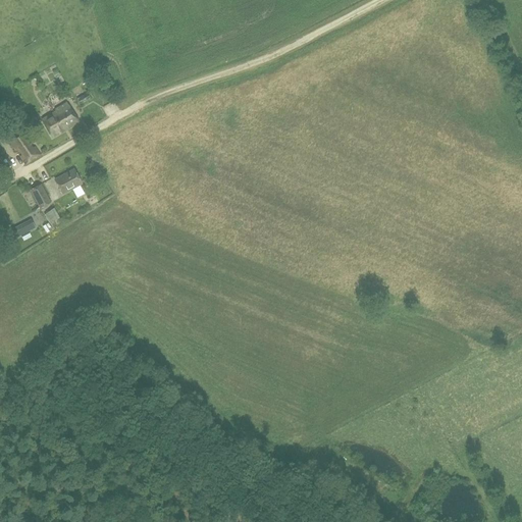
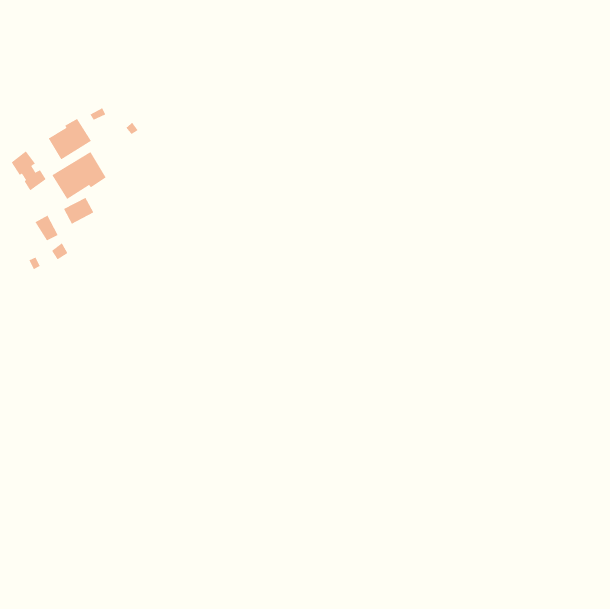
building: none -> [52,151,106,200]

